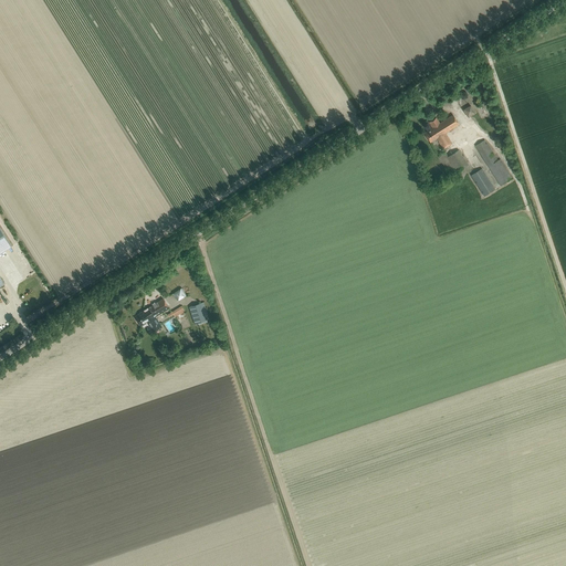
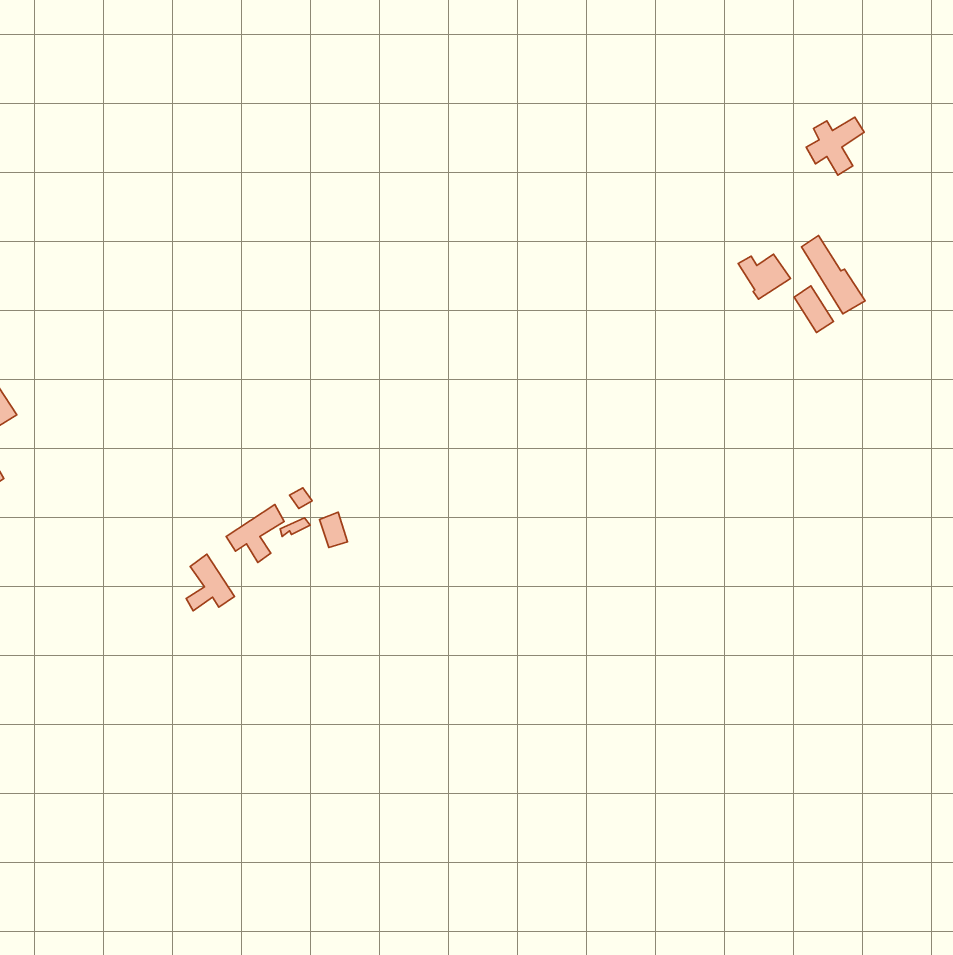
building: [423,115,458,149] -> [806,117,864,175]
building: none -> [186,554,235,611]

